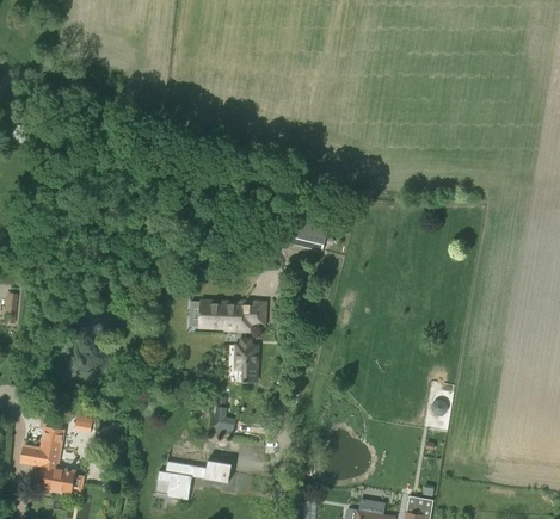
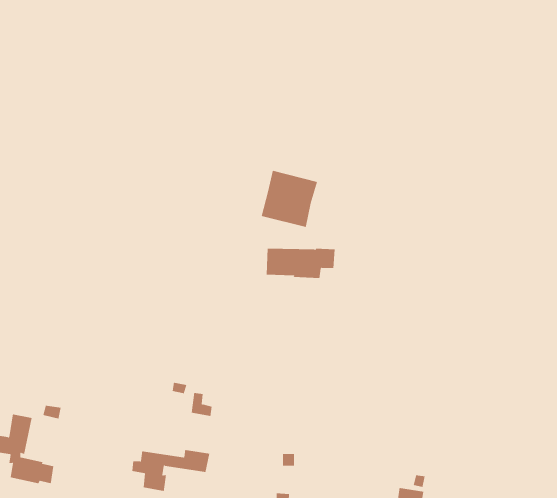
building: [199,302,265,330] -> [266,248,335,279]
building: [235,340,258,370] -> none

